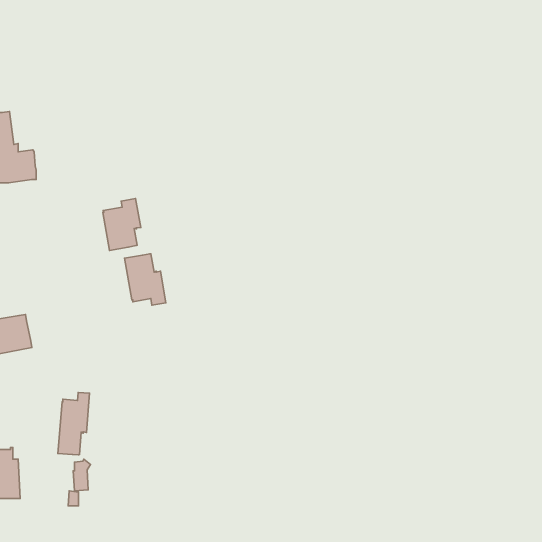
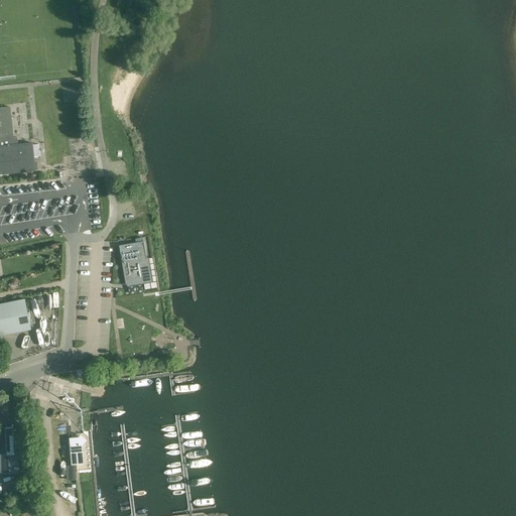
building: [103,198,141,250] -> none
building: [58,393,90,455] -> none

